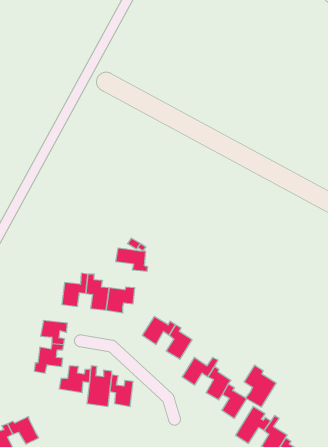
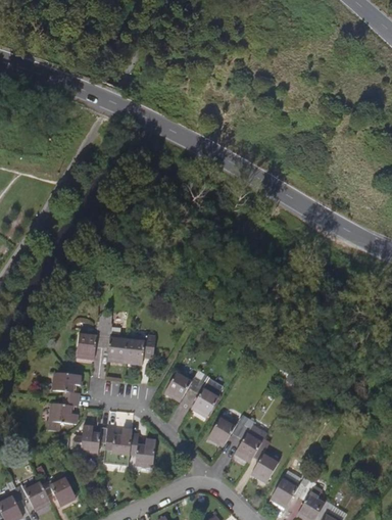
building: [116,248,148,272] -> none
building: [244,365,276,407] -> none
building: none -> [41,475,77,506]

